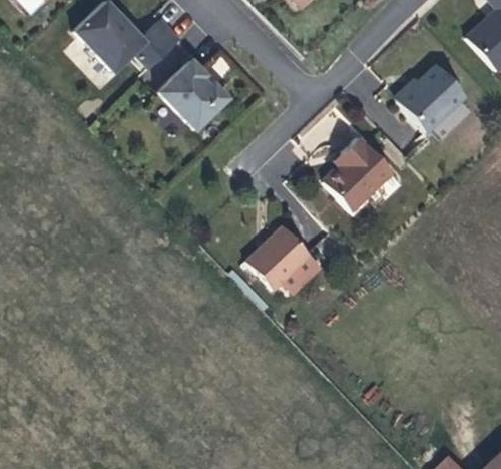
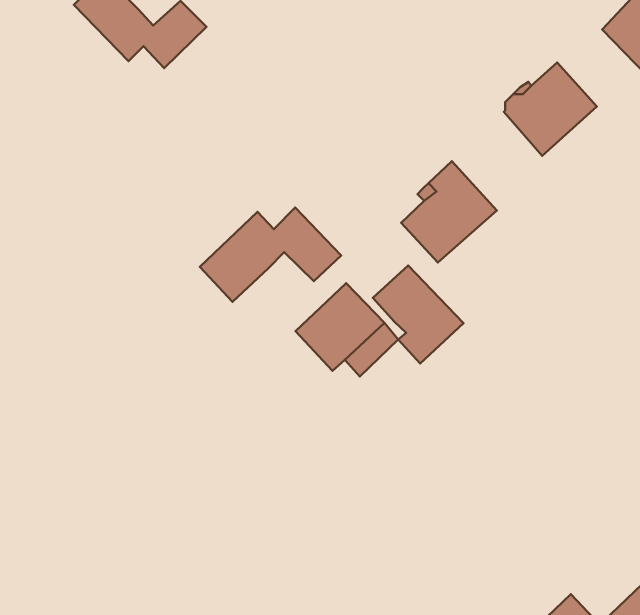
building: [159,60,228,129] -> none
building: none -> [200,208,341,302]
building: none -> [373,266,463,363]

